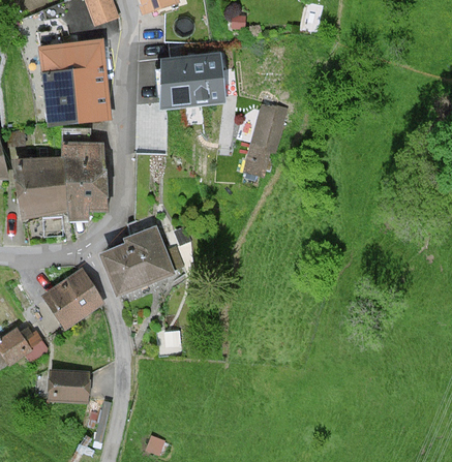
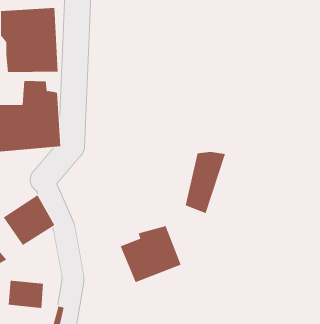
building: [163,57,227,106] -> none
building: [242,105,292,181] -> [185,151,226,214]
building: [98,225,173,295] -> [120,226,182,283]

